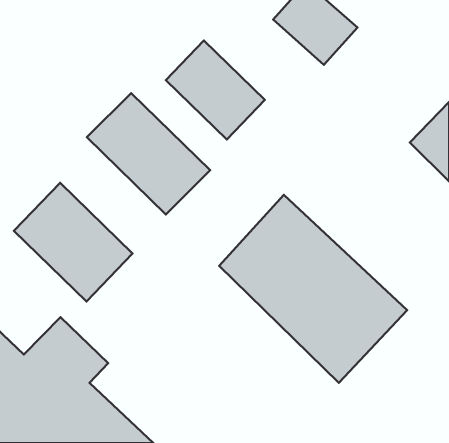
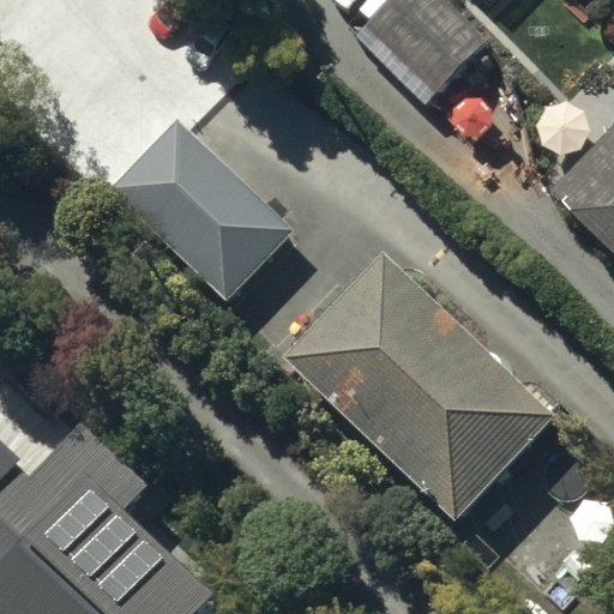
building: [166,40,265,140] -> none
building: [14,183,133,302] -> none

